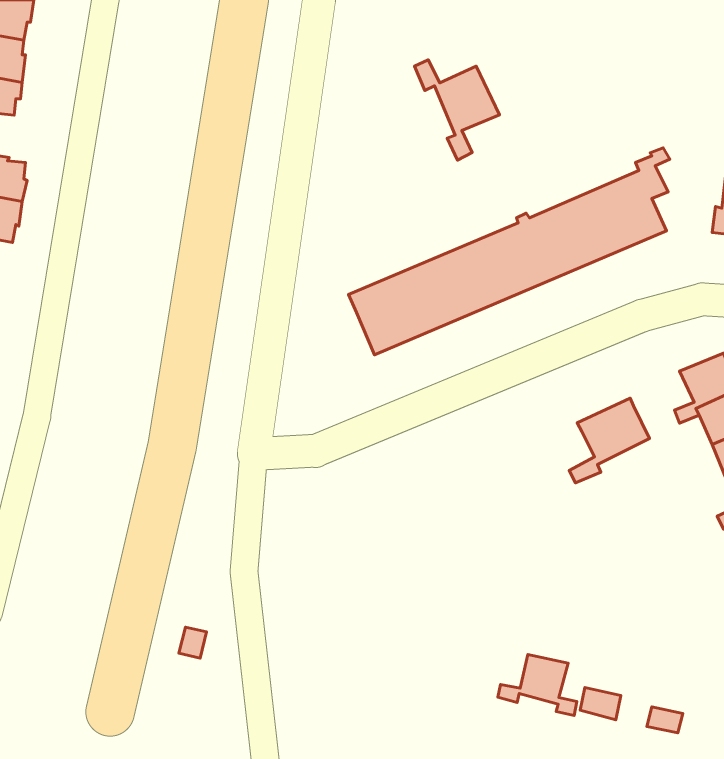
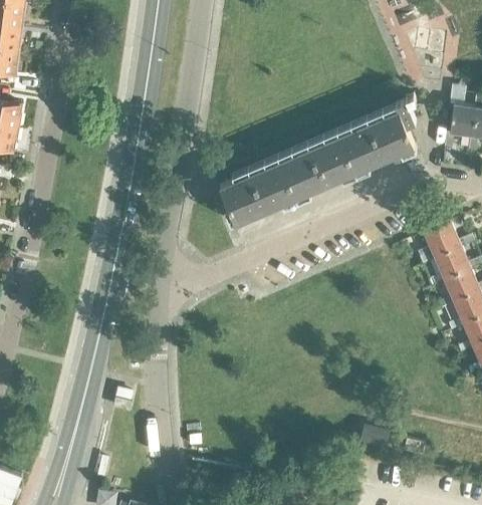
building: [415,60,500,160] -> none
building: [569,398,649,483] -> none
building: [498,654,577,716] -> none

